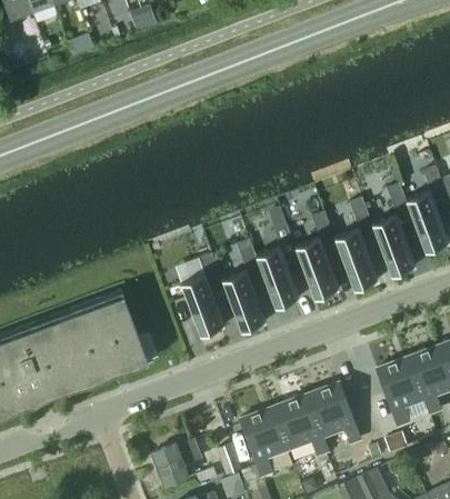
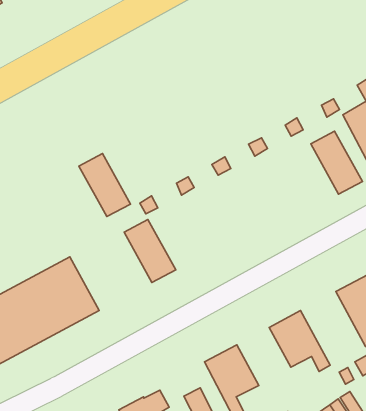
building: [334,228,378,290] -> none
building: [294,238,339,299] -> none
building: [256,247,299,308] -> none
building: [221,270,266,331] -> [79,154,130,217]
building: [273,395,328,456] -> none

